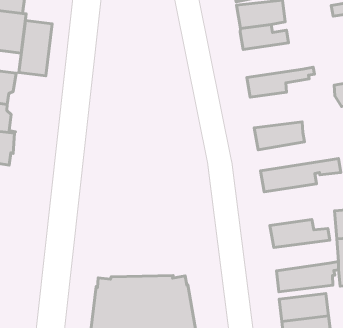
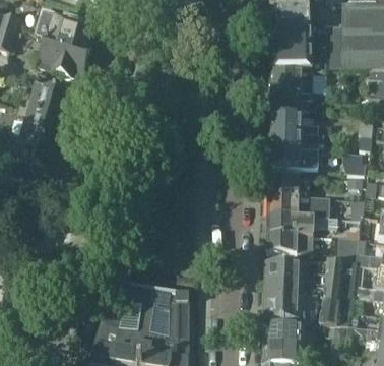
building: [19,21,52,76] -> none
building: none -> [268,115,317,133]
building: none -> [267,149,317,169]
building: none -> [266,195,327,215]
building: none -> [265,232,312,251]
building: none -> [265,281,315,302]

